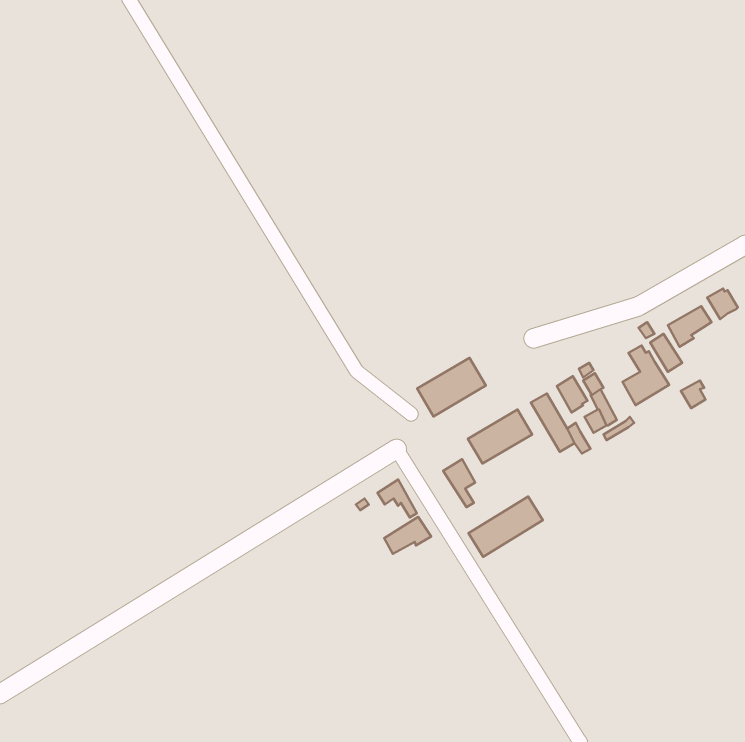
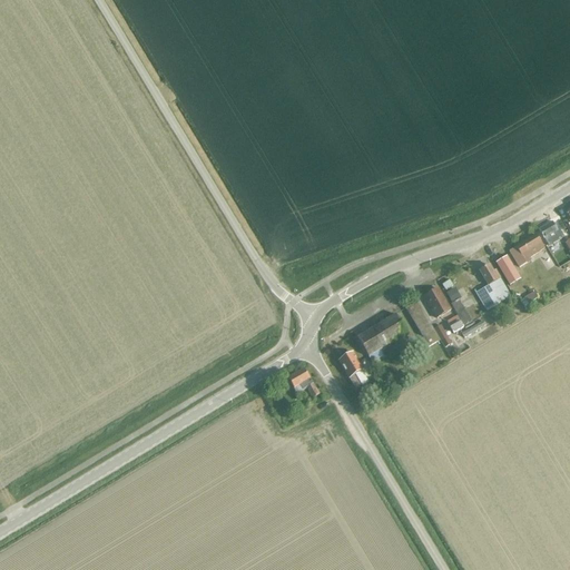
building: [417,358,486,416] -> none
building: [469,497,543,557] -> none
building: [384,517,431,554] -> none

